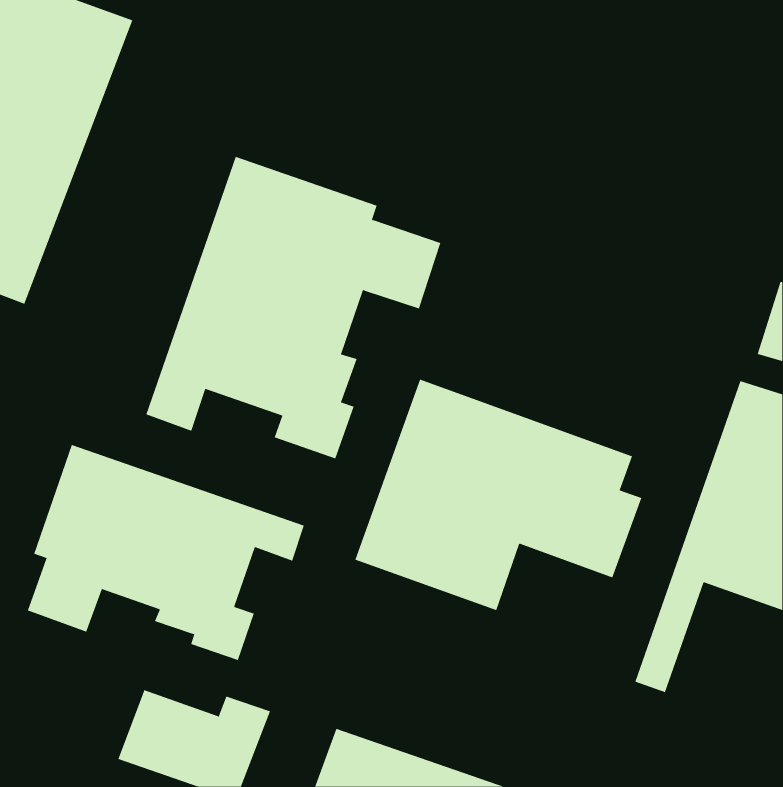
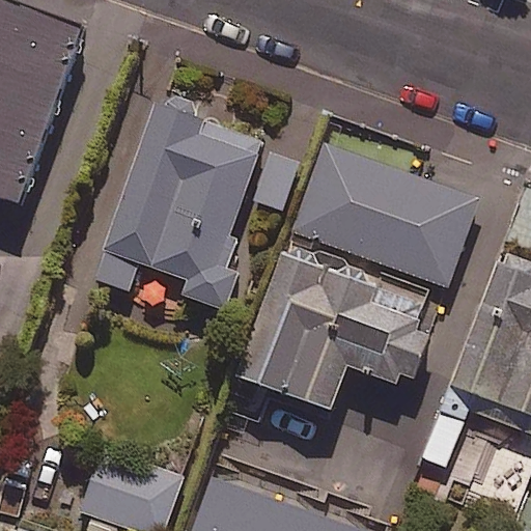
building: none -> [292,144,478,285]
building: [27,444,304,661] -> none

